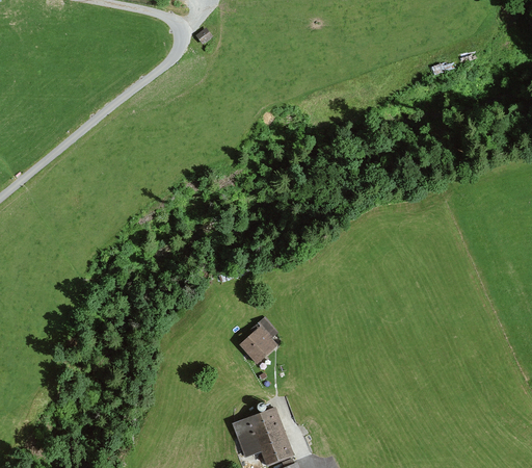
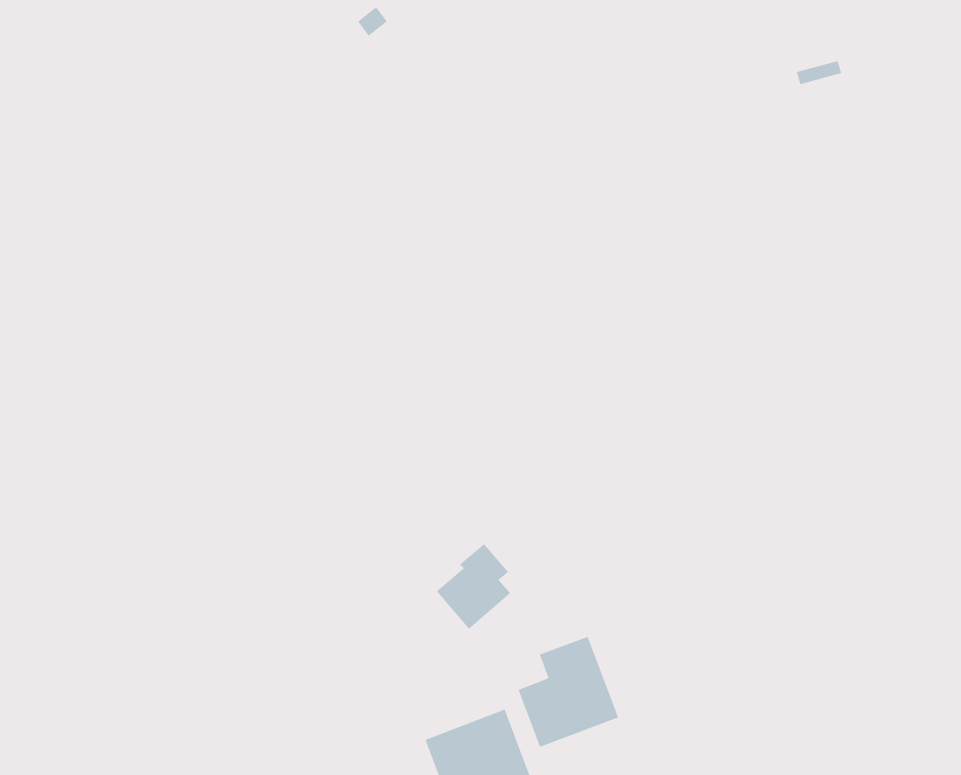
building: none -> [517,636,619,748]

